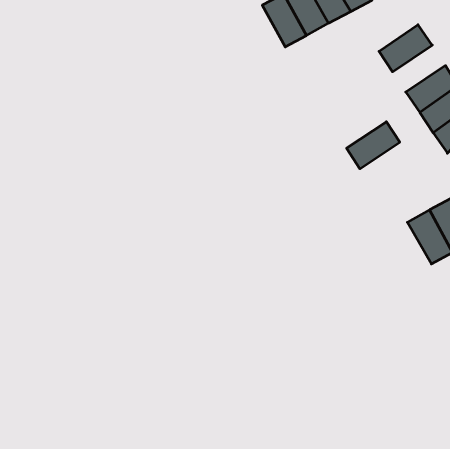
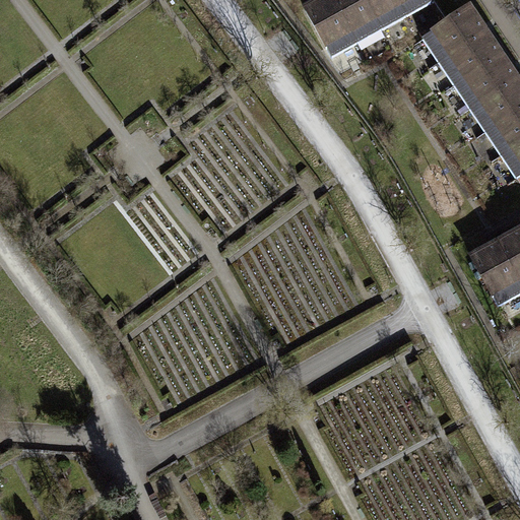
building: none -> [421,5,482,59]
building: [347,122,400,169] -> [453,52,514,106]

